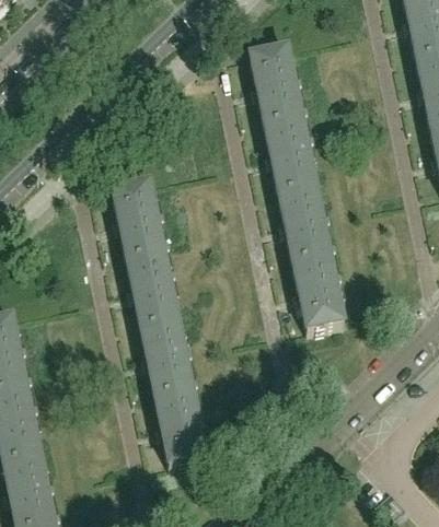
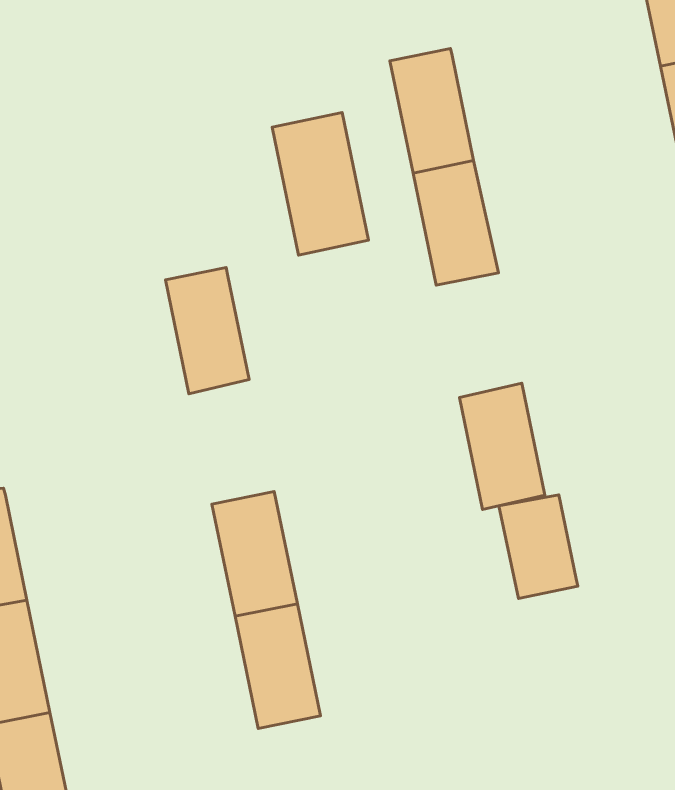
building: none -> [272,112,369,255]
building: [279,186,332,262] -> none
building: [127,251,180,328] -> none
building: none -> [499,495,578,598]

